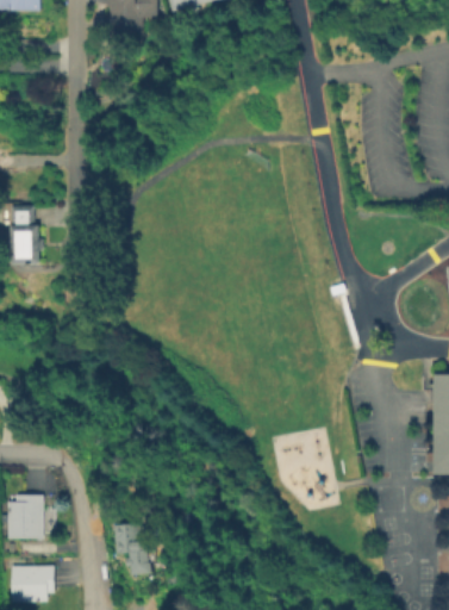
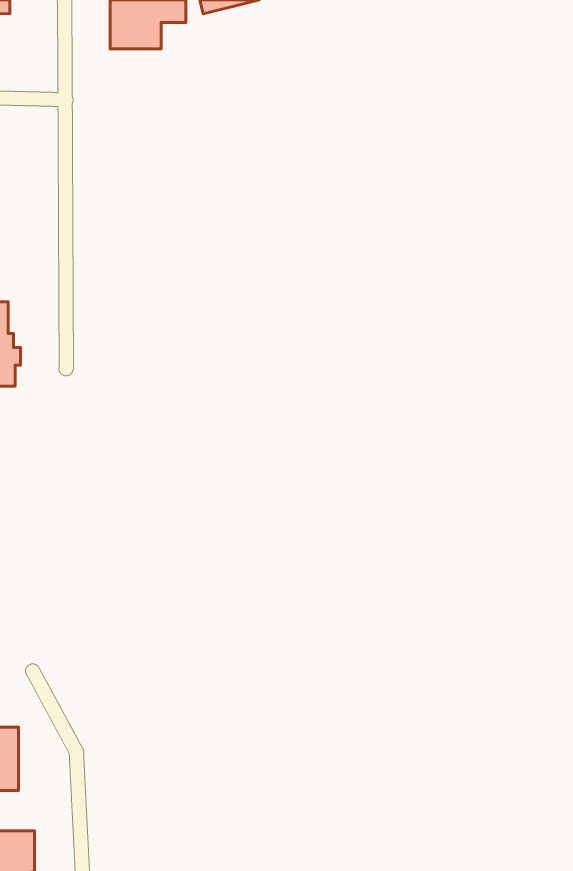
building: [116,524,151,574] -> none

